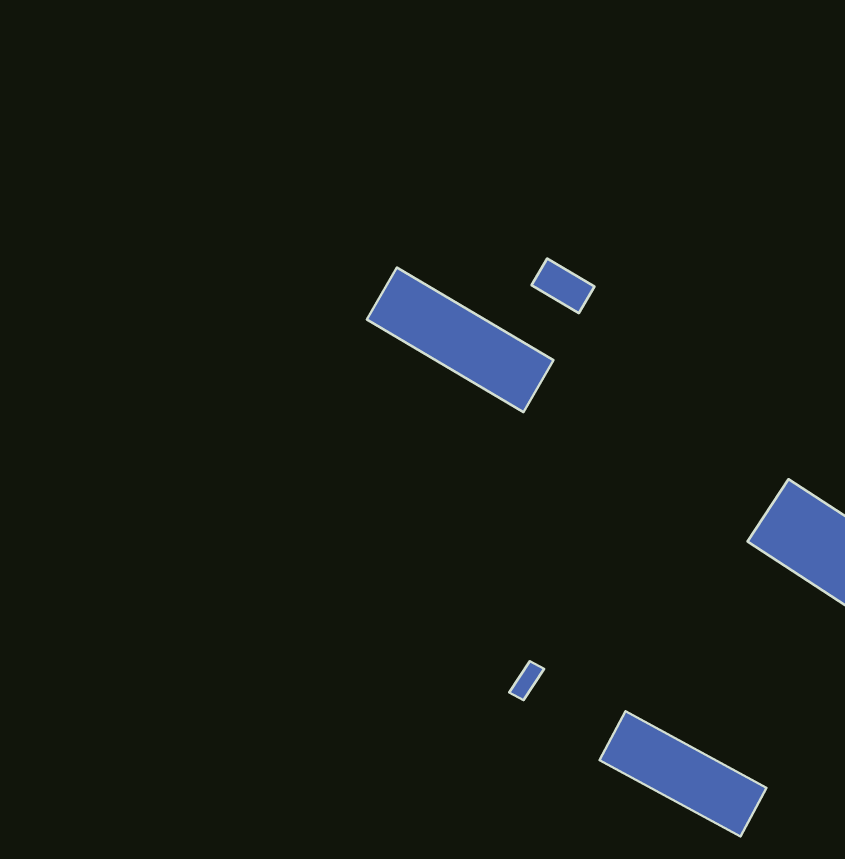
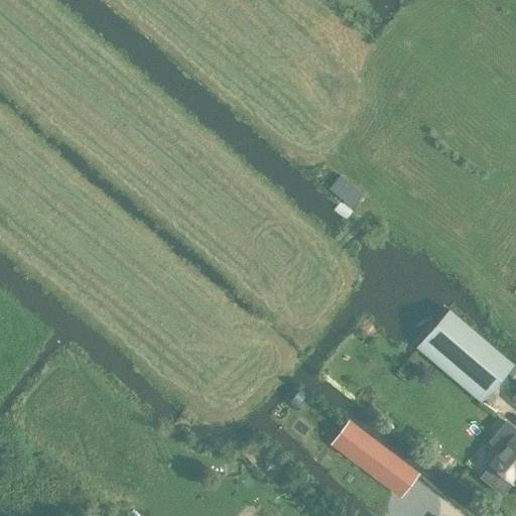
building: [367,268,553,412] -> none

